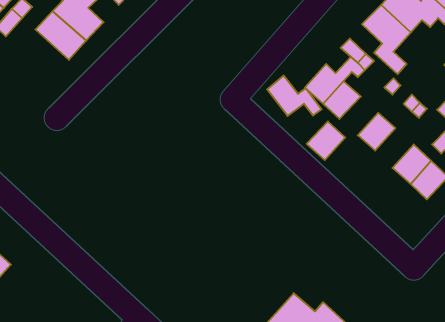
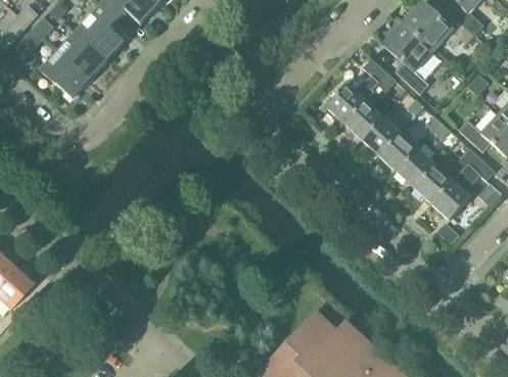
building: none -> [39,49,89,98]
building: [267,76,322,116] -> none
building: [307,121,345,160] -> [361,116,400,155]
building: none -> [397,148,435,188]

